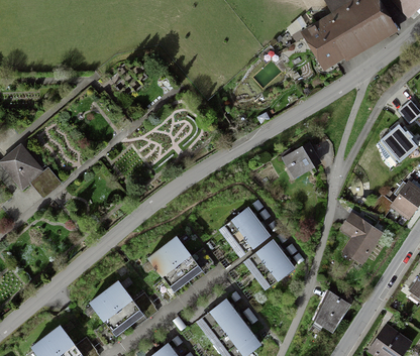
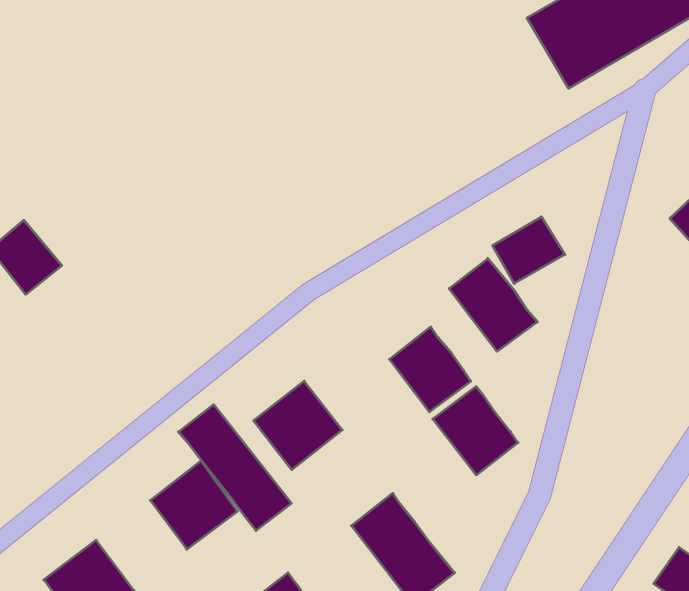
building: none -> [449,258,537,351]
building: [340,214,385,267] -> none
building: none -> [178,405,291,531]
building: [315,294,352,335] -> none

